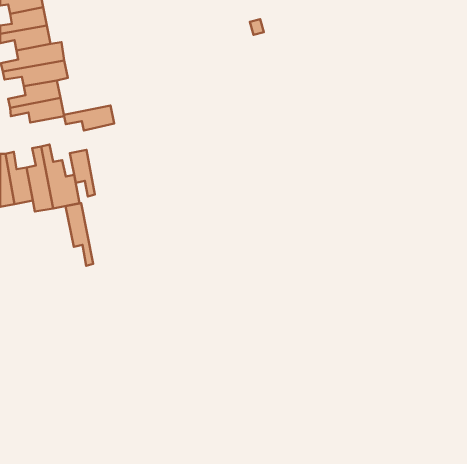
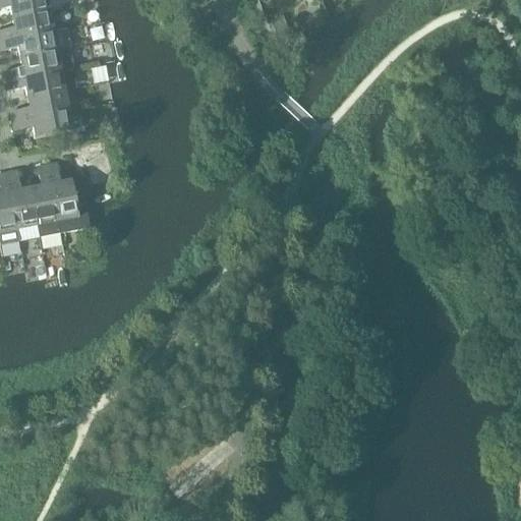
building: [64,105,114,131] -> none
building: [70,150,95,196] -> none
building: [66,203,93,266] -> none

